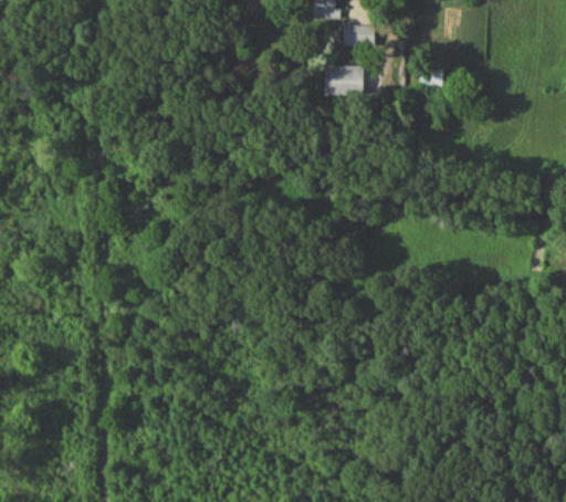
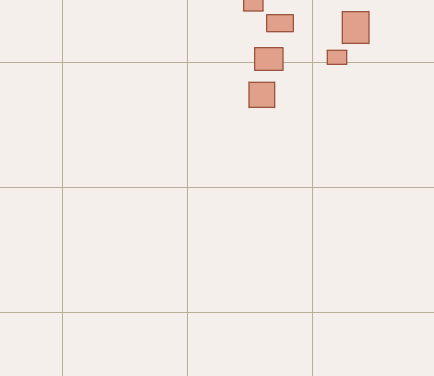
building: none -> [342,11,369,44]
building: none -> [249,82,275,108]

